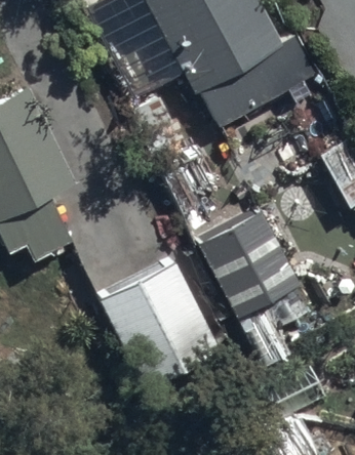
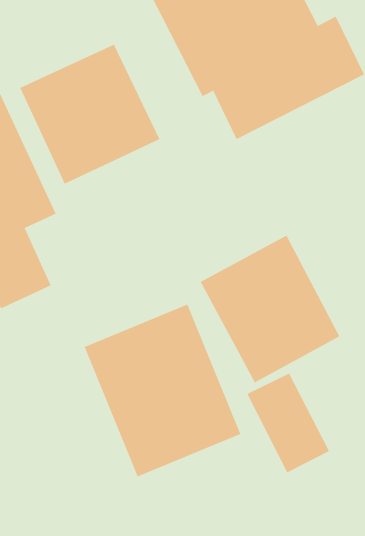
building: none -> [19,44,160,184]

